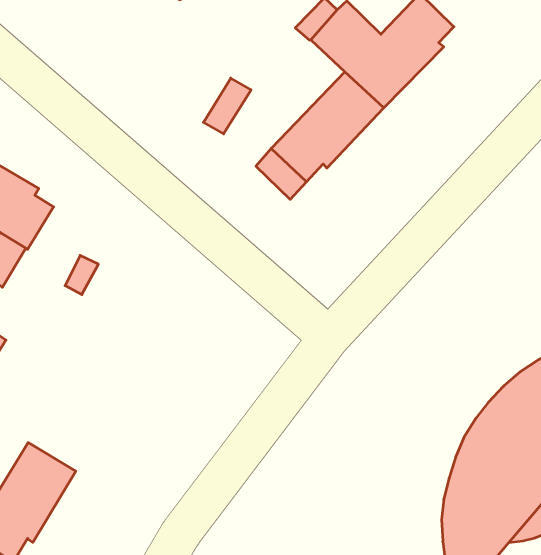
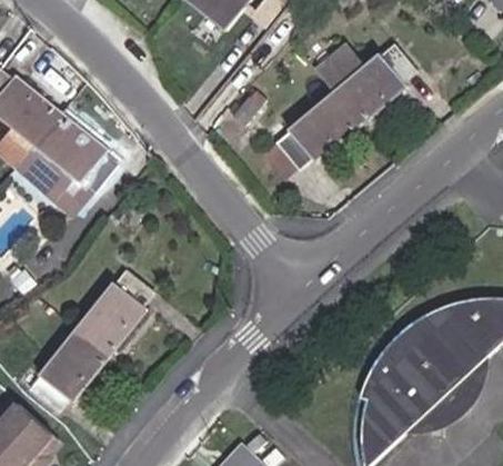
building: none -> [76,267,150,350]

